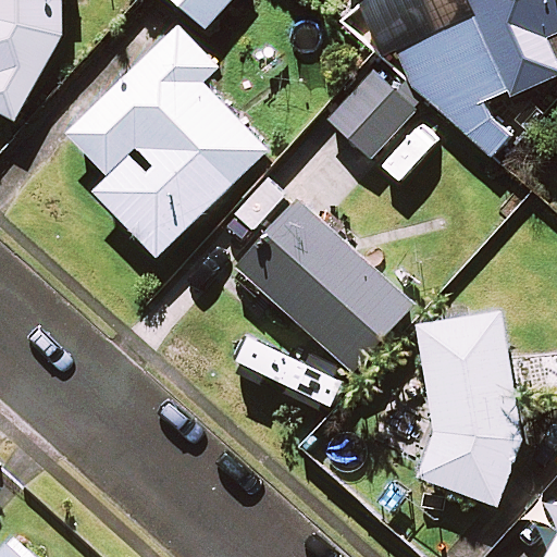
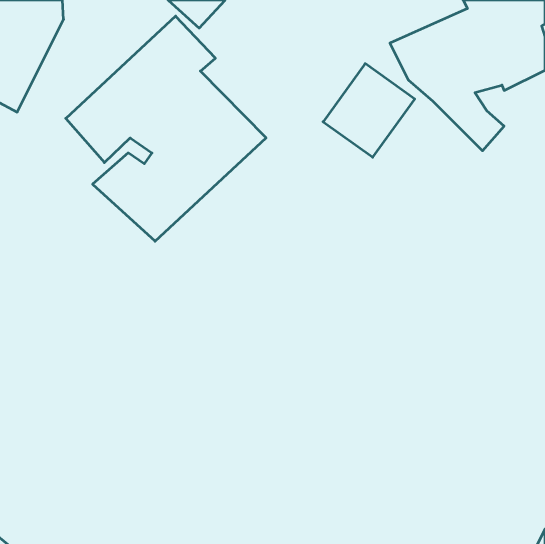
building: [235,198,413,371] -> none
building: [414,308,520,505] -> none

